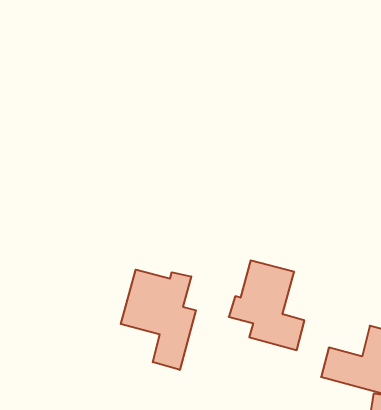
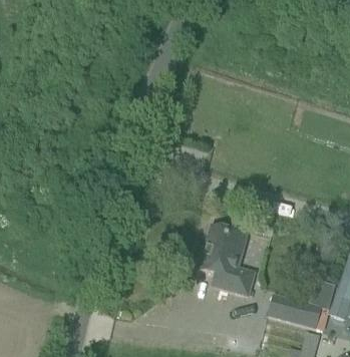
building: [121,270,196,370] -> none

